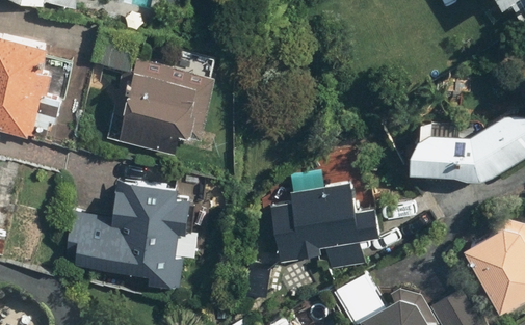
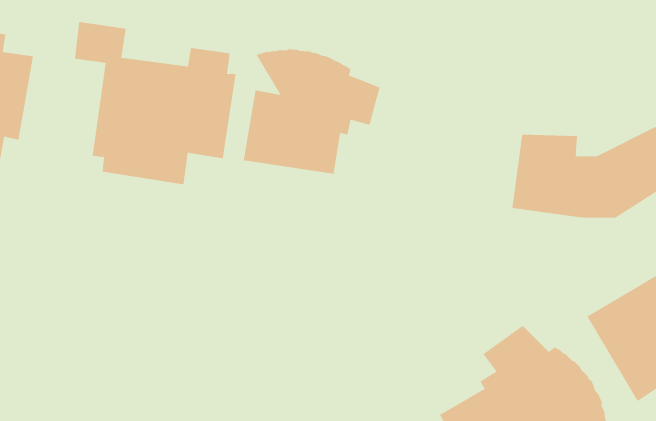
building: none -> [243,49,380,175]
building: [68,182,189,290] -> none
building: [271,183,378,262] -> none

